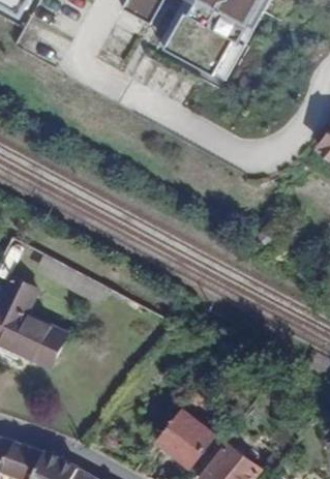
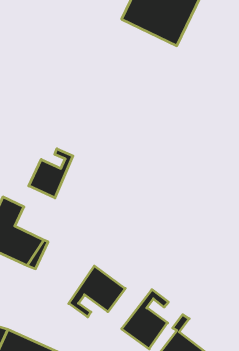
building: none -> [29,149,73,198]
building: none -> [69,266,125,317]

